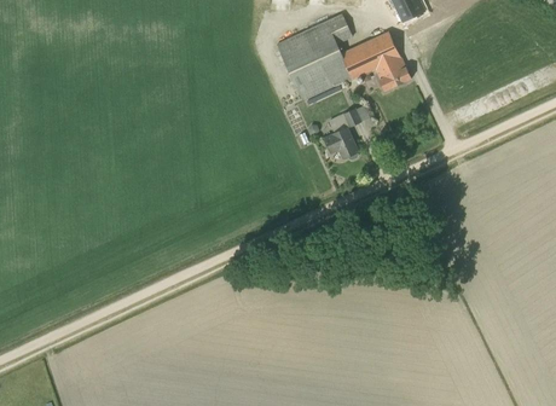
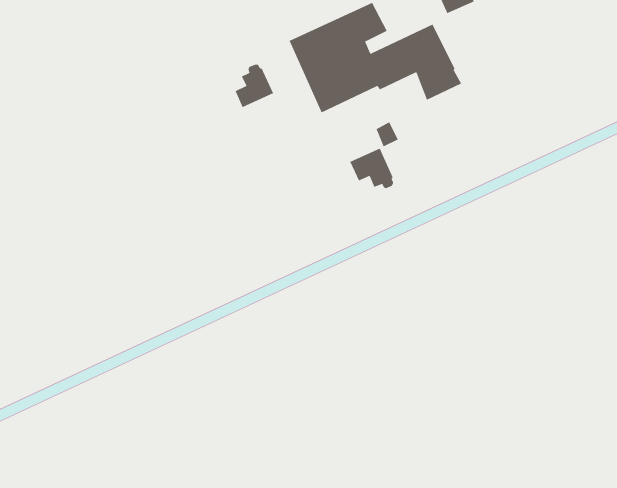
building: none -> [234,64,274,108]

